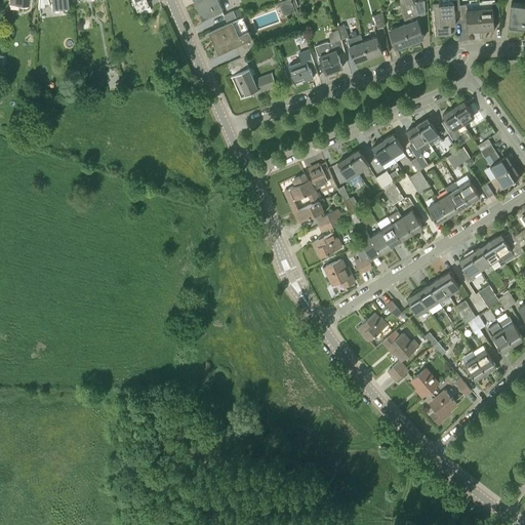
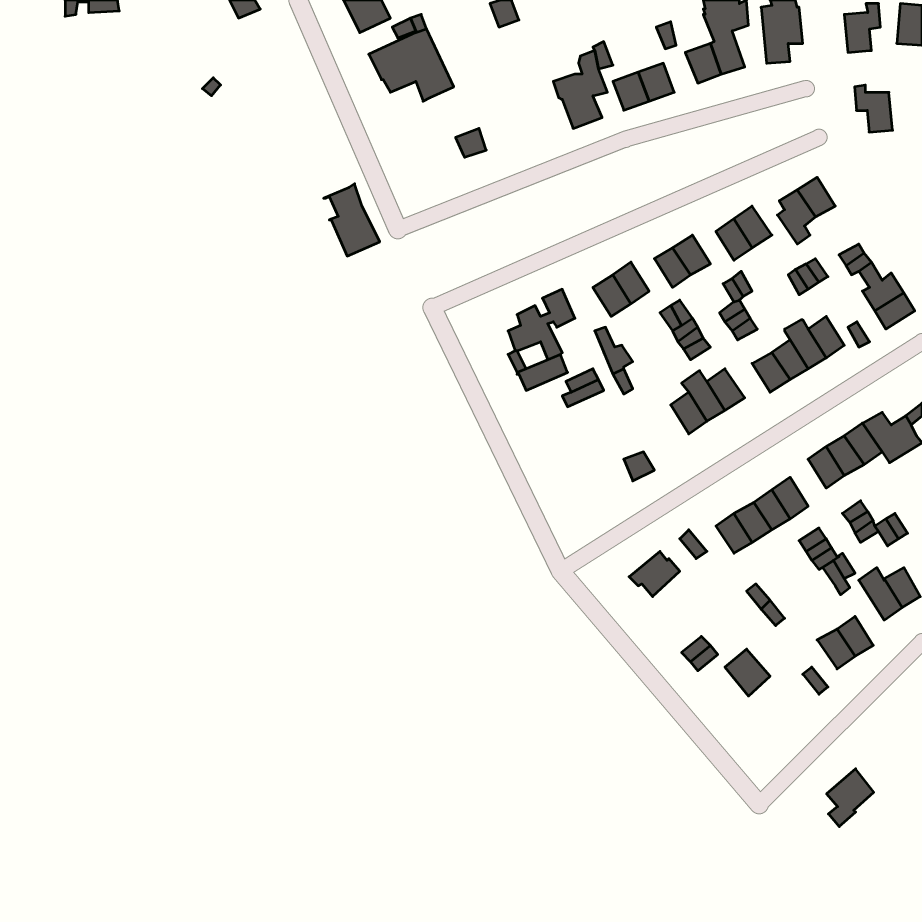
building: [459,5,481,32] -> [855,85,893,132]
building: [288,50,314,84] -> none
building: [227,56,258,97] -> [324,184,380,256]
building: [358,231,391,258] -> none
building: [312,233,340,256] -> none
building: [324,259,353,287] -> none
building: [382,330,418,361] -> none
building: [429,391,455,423] -> [827,769,874,827]

